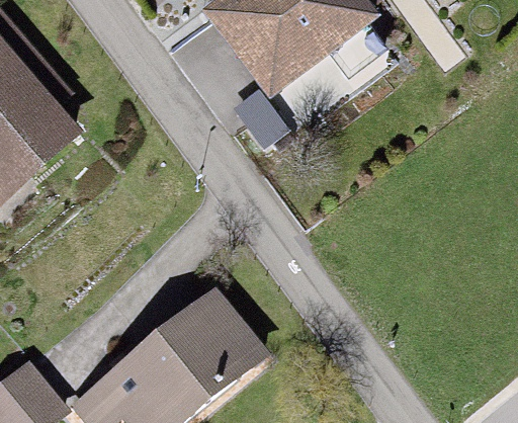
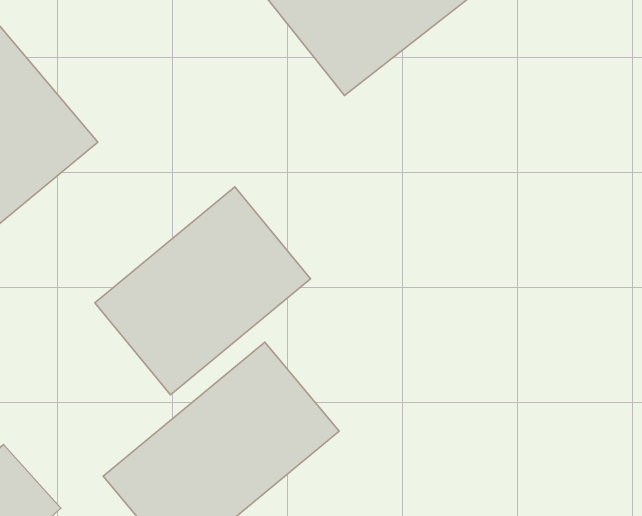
building: none -> [95,187,310,395]

